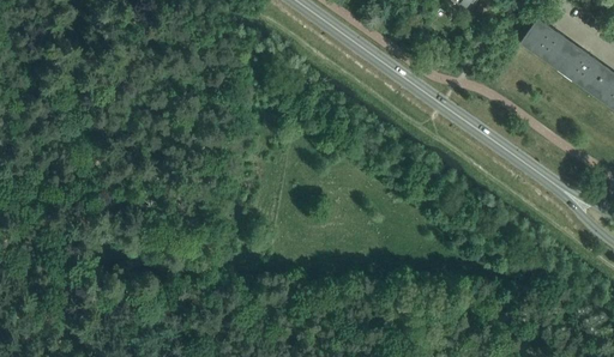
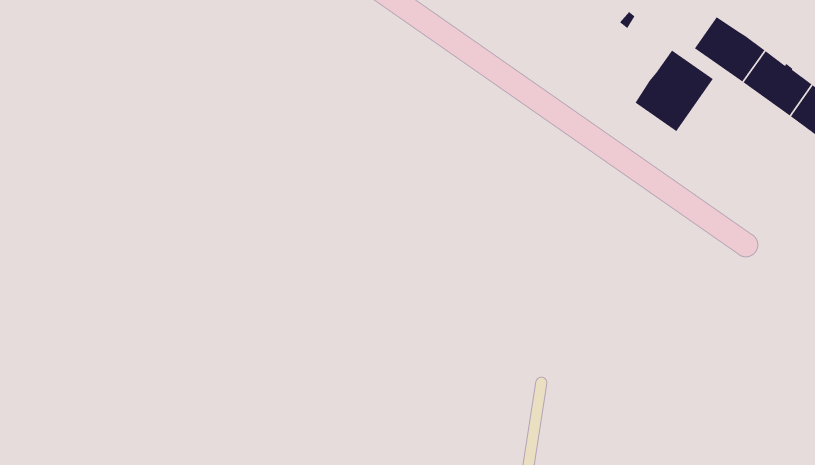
building: none -> [634,50,714,132]

